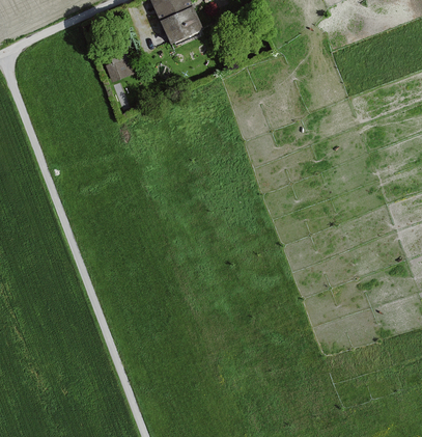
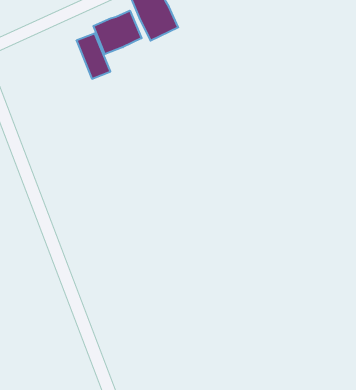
building: none -> [93,11,142,54]

